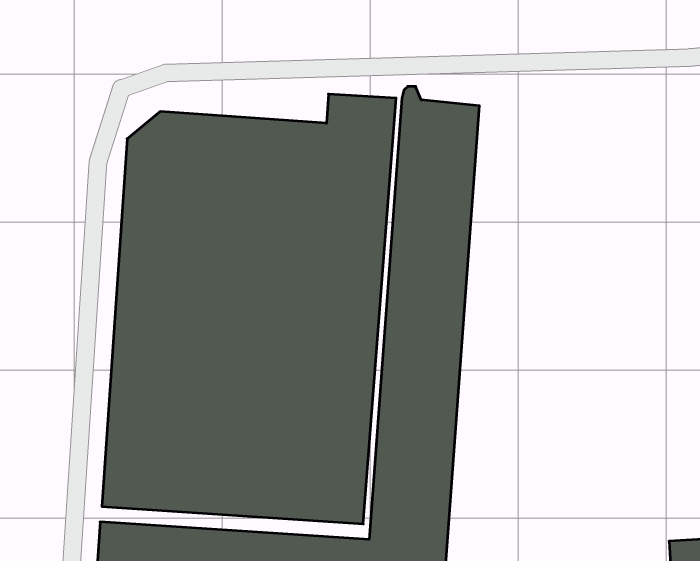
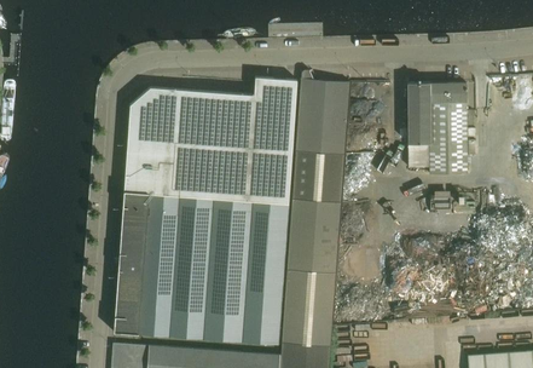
building: none -> [407,84,467,174]

